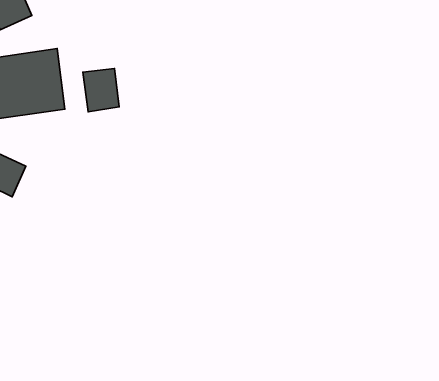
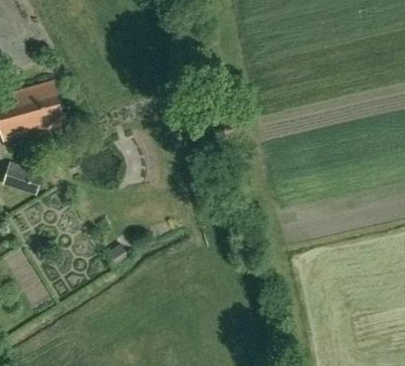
building: [83,68,119,112] -> none

